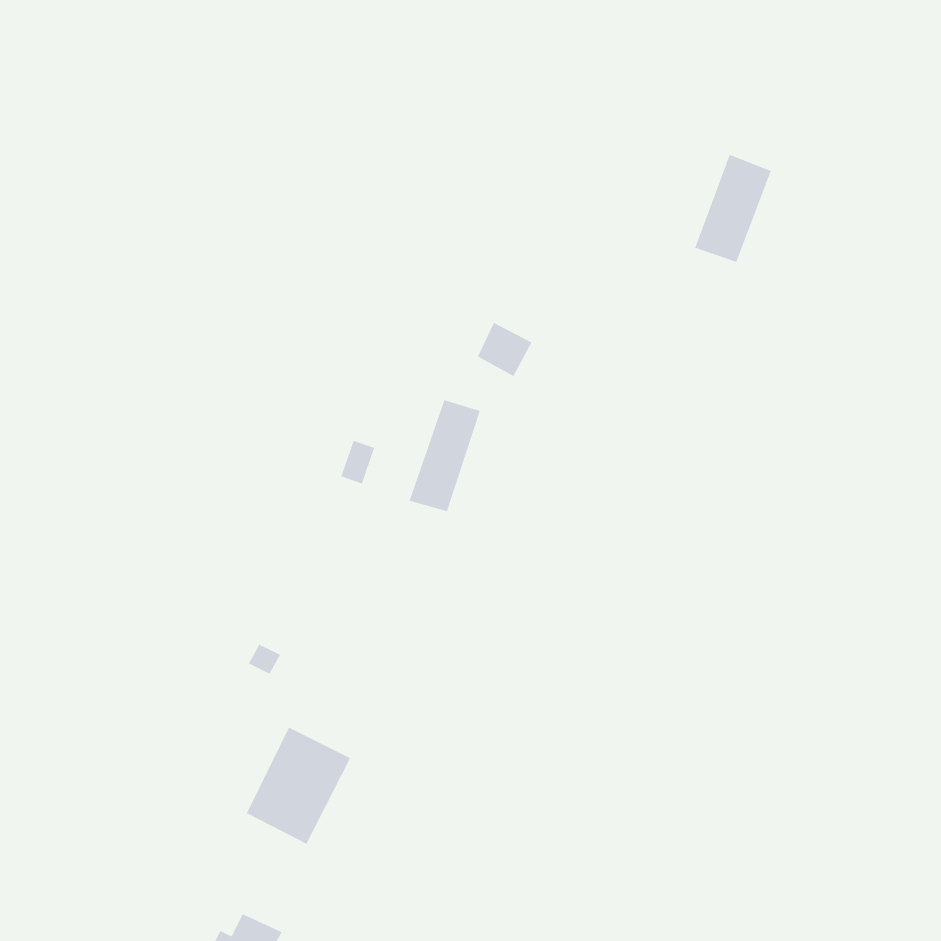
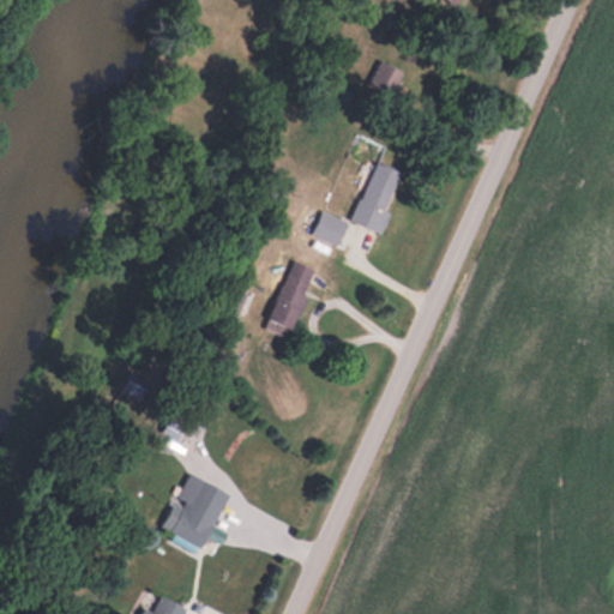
building: none -> [365,61,404,107]
building: [694,154,772,263] -> [353,162,403,233]

